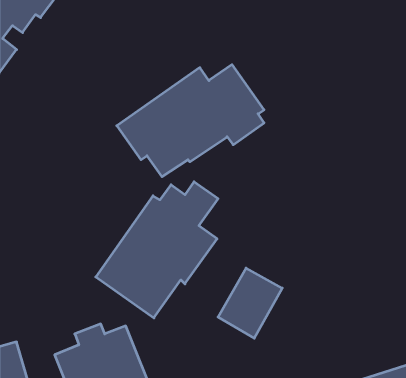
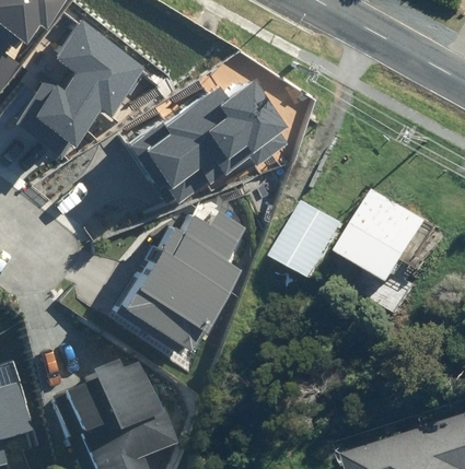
building: none -> [16,22,147,157]
building: none -> [341,186,429,278]
building: [218,268,282,338] -> [274,200,344,277]

